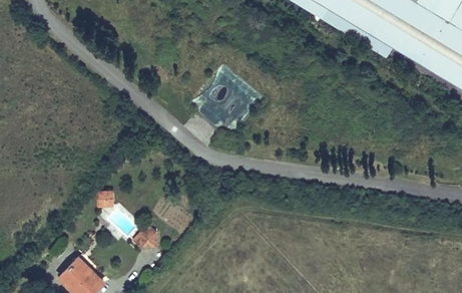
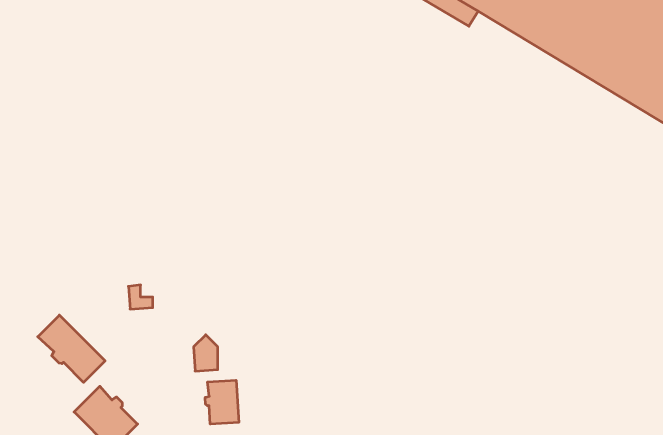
building: none -> [38,315,105,382]
building: none -> [205,380,239,424]

